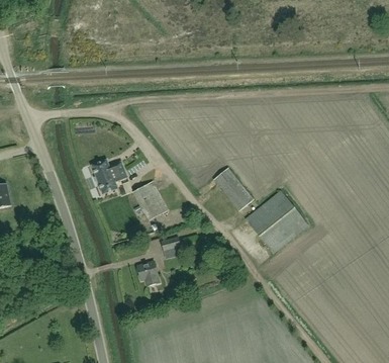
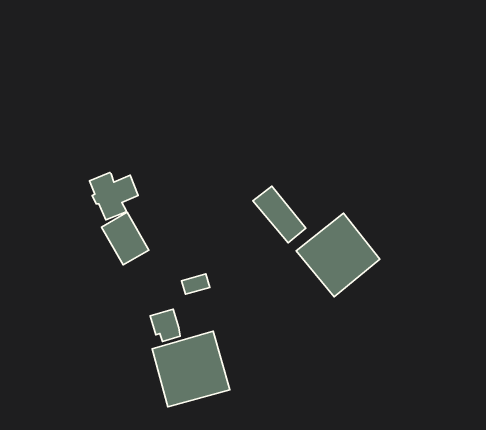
building: [133,182,169,221] -> [101,212,149,265]
building: none -> [152,331,230,407]

